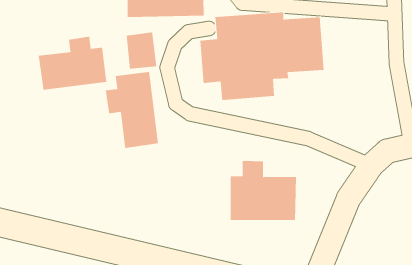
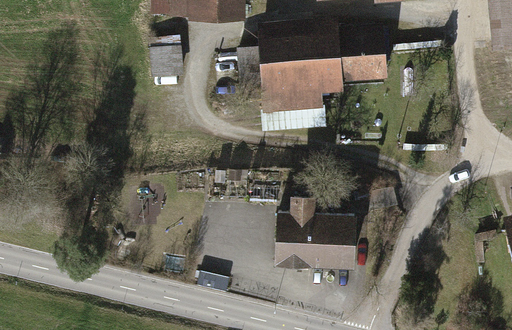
building: [38,36,107,90] -> none
building: [105,71,158,149] -> none

